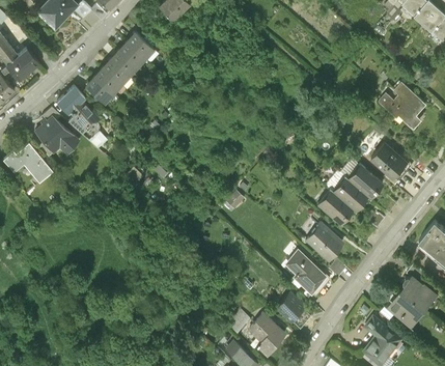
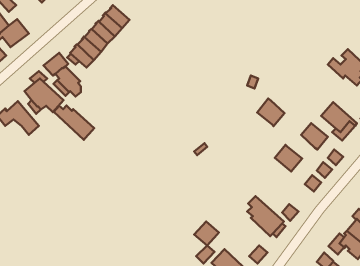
building: none -> [54,105,94,140]
building: [333,178,364,209] -> [257,99,285,126]
building: [305,224,340,258] -> none
building: [275,291,303,318] -> [194,222,219,245]

